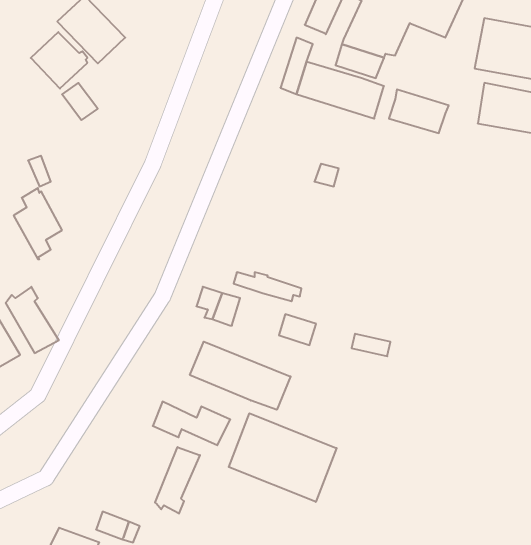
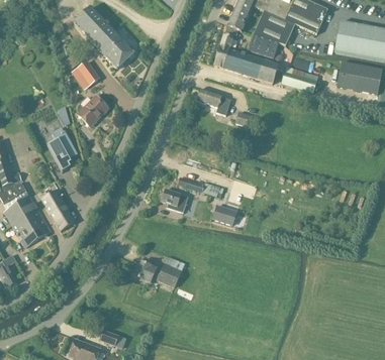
building: [31,32,87,89] -> [99,32,134,68]
building: none -> [196,89,230,114]
building: none -> [77,95,108,125]
building: [190,342,291,410] -> none
building: [229,413,337,502] -> none
building: [155,447,200,514] -> none

